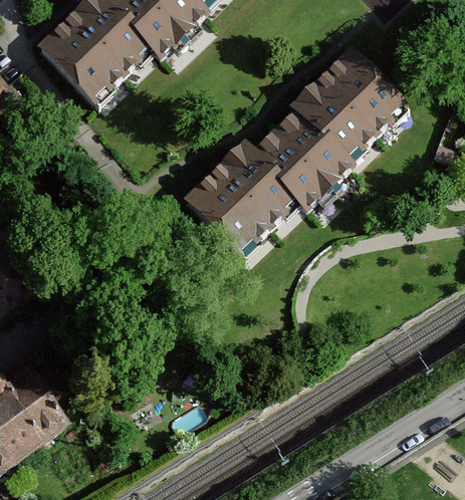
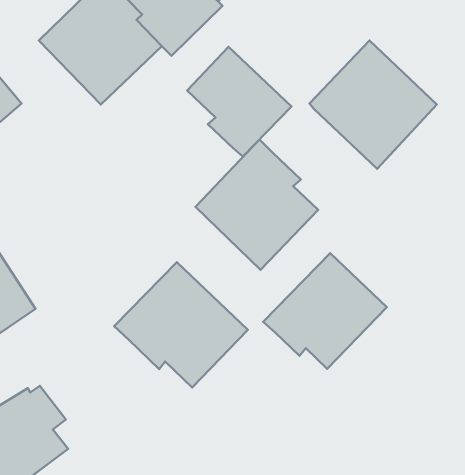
building: [253,109,350,211] -> [187,47,292,157]
building: none -> [263,253,387,369]
building: none -> [114,262,248,388]

